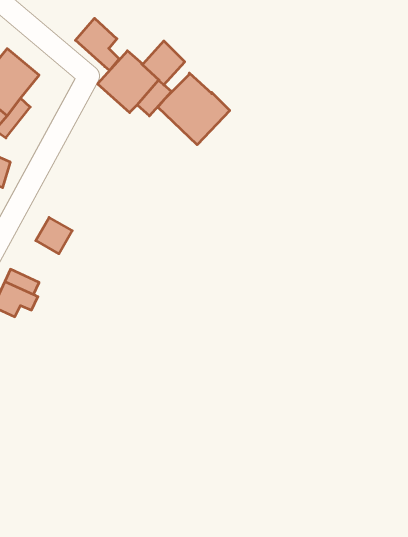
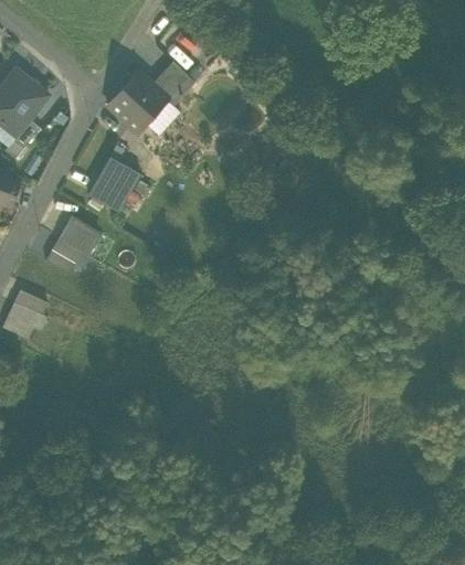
building: [75,18,119,71] -> none
building: [158,73,230,145] -> none
building: none -> [88,156,140,212]
building: none -> [59,218,99,255]

